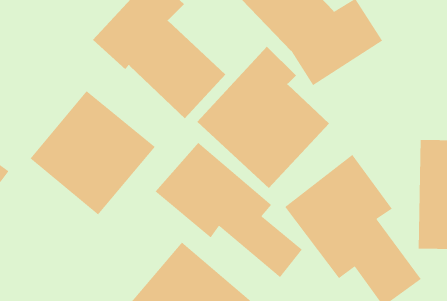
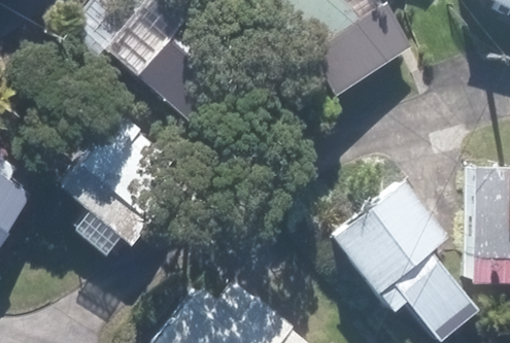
building: [196,46,330,189] -> none
building: [155,142,303,278] -> none

